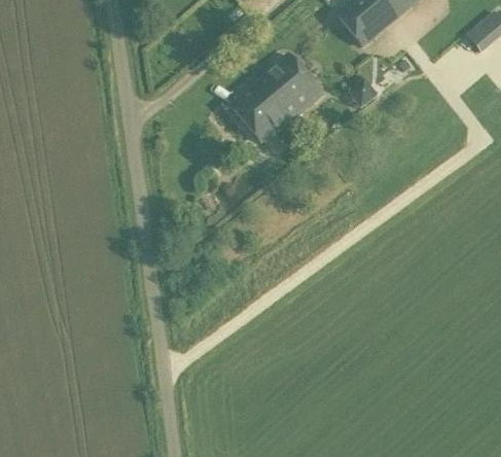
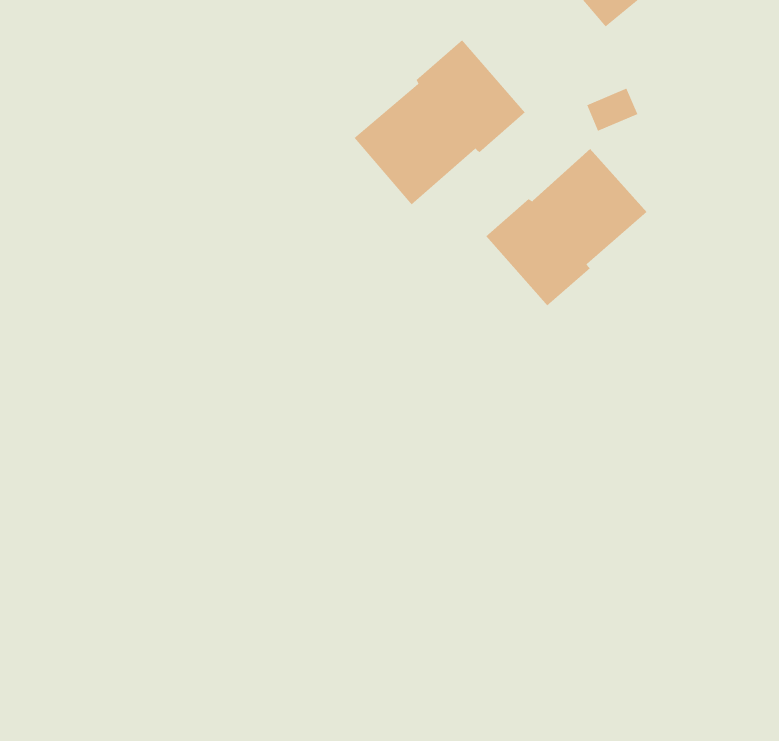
building: none -> [485,148,647,307]

